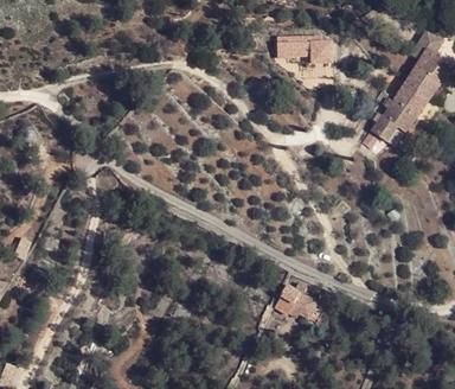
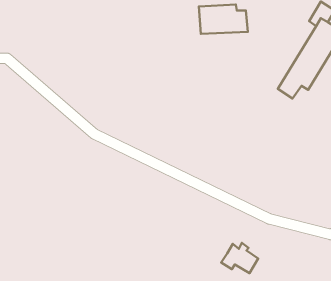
building: [273,283,318,320] -> [221,243,258,273]

